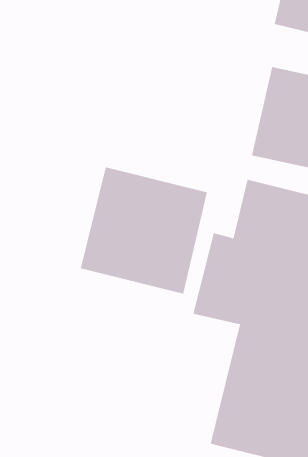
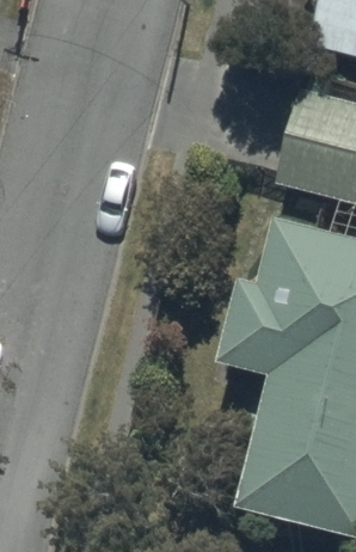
building: [80,167,208,295] -> none

